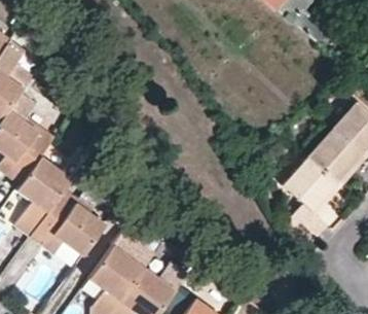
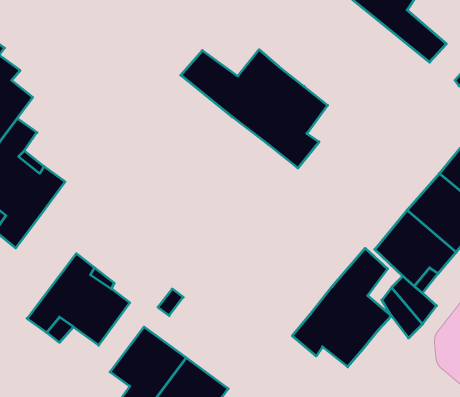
building: none -> [181,50,328,168]
building: [13,156,72,237] -> none
building: none -> [292,248,391,367]

